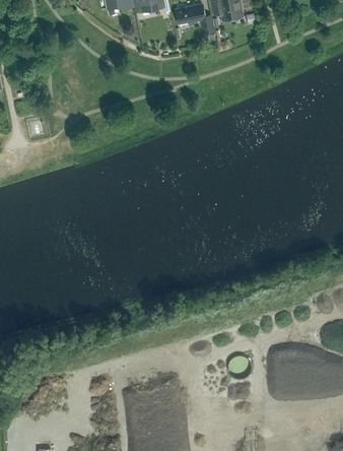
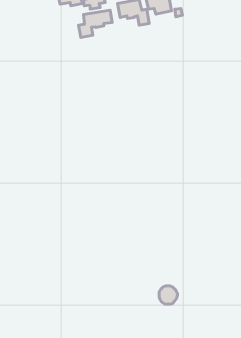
building: none -> [79,10,112,38]

